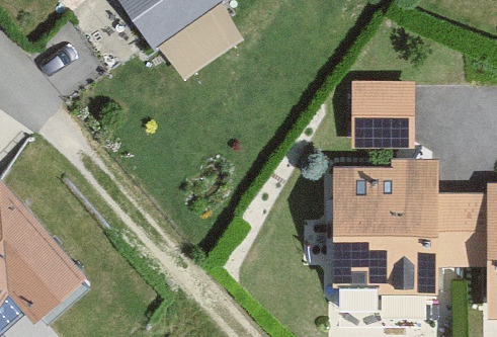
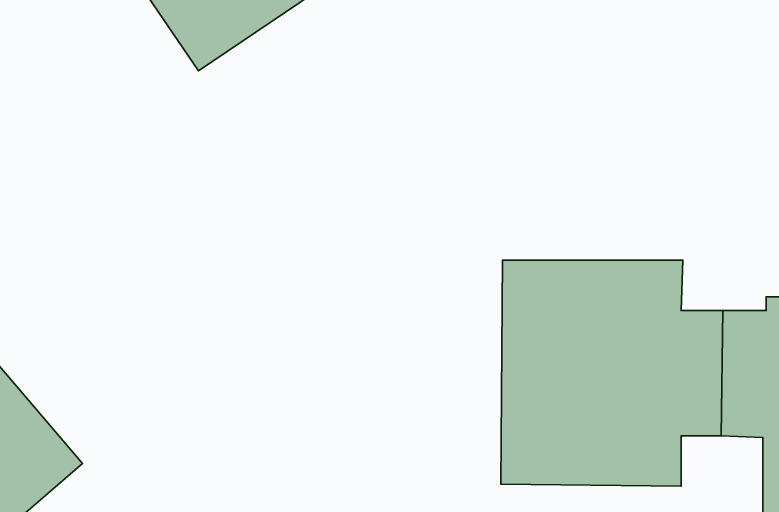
building: [349,80,413,148] -> none

